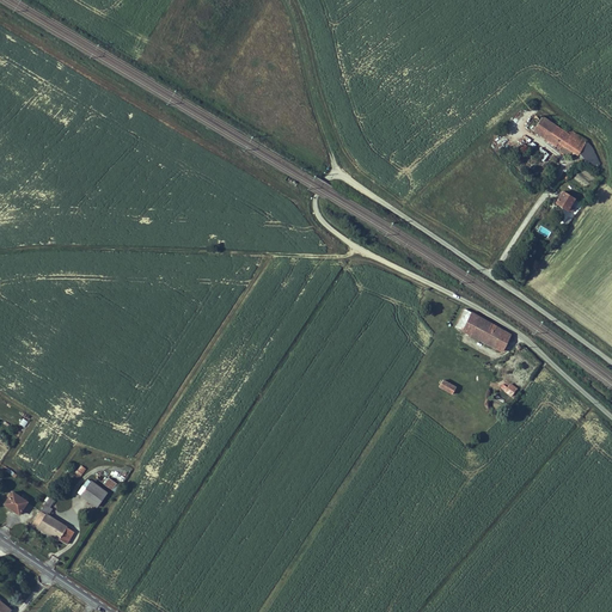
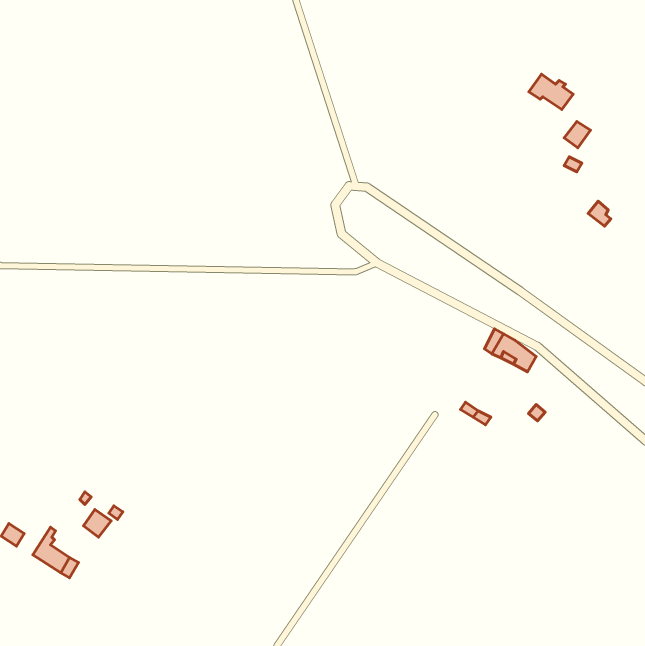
building: [547,123,589,157] -> [529,74,573,109]

